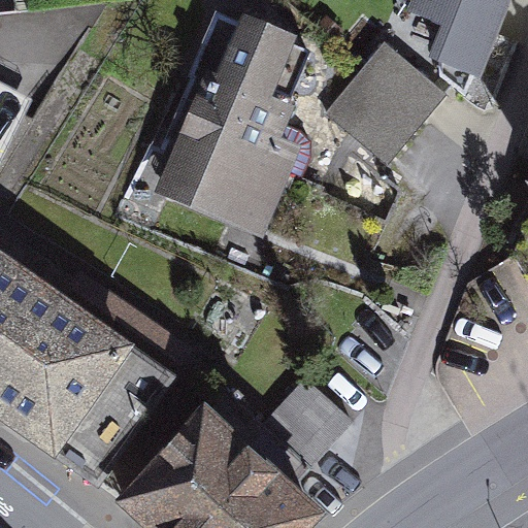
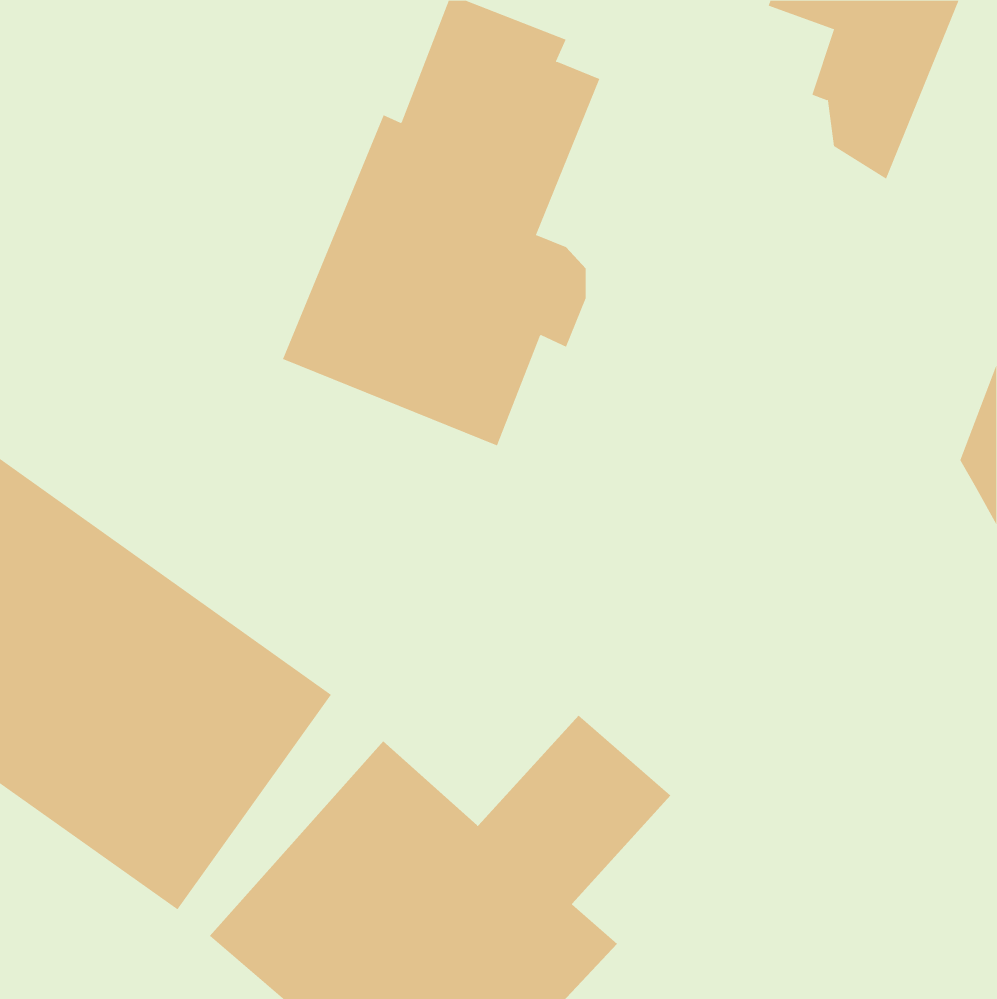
building: [320,45,442,169] -> none

